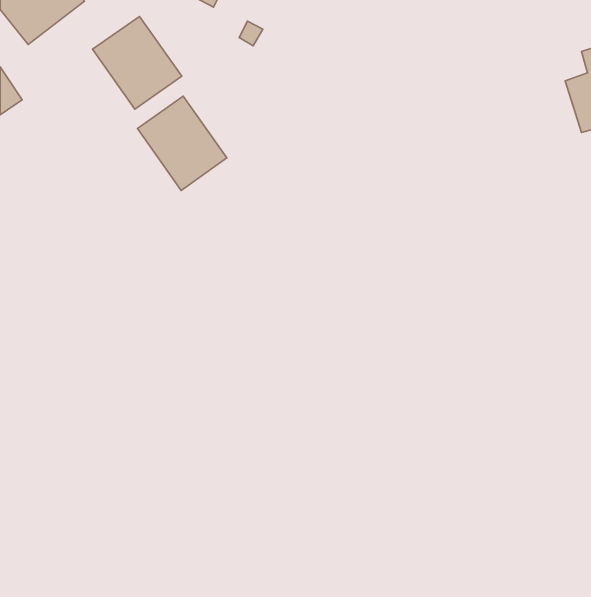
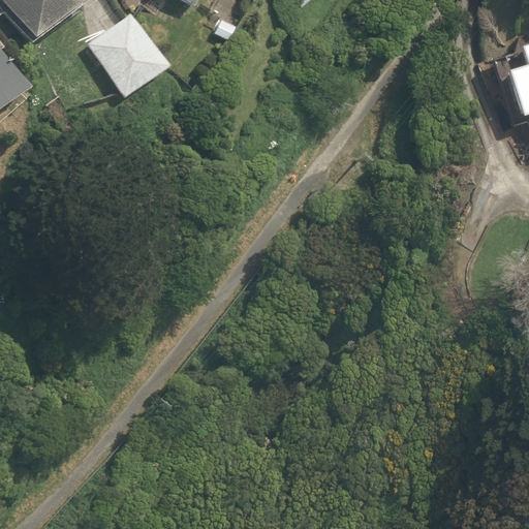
building: [138,96,227,190] -> none

